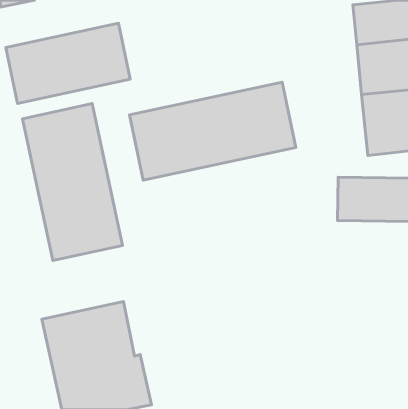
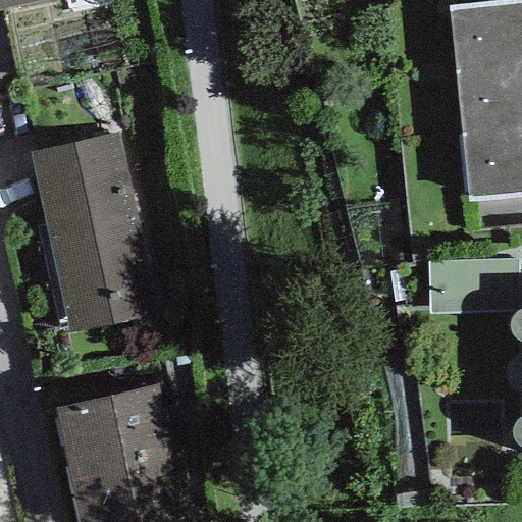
building: [6,23,130,103] -> none
building: [130,82,296,180] -> none

